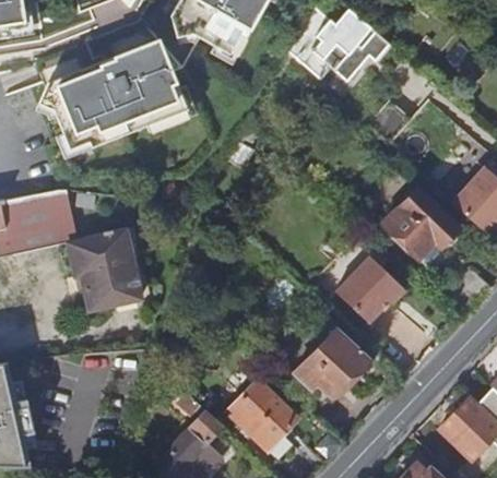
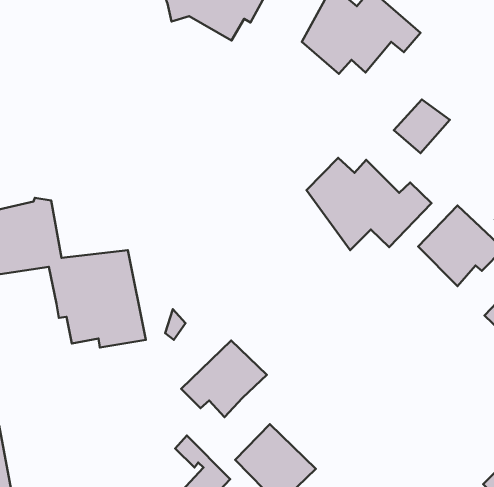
building: [39,38,184,146] -> none
building: none -> [306,158,432,250]
building: [333,258,400,325] -> none
building: [294,332,367,397] -> [181,340,267,417]

